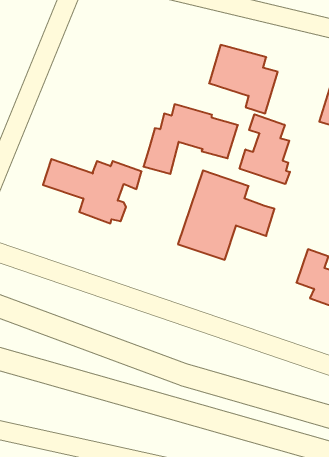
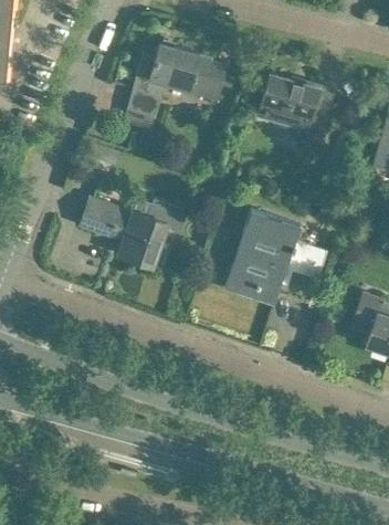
building: [143,104,238,174] -> [126,44,227,118]
building: [240,114,290,184] -> none

